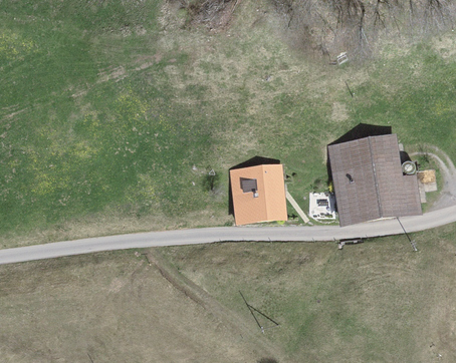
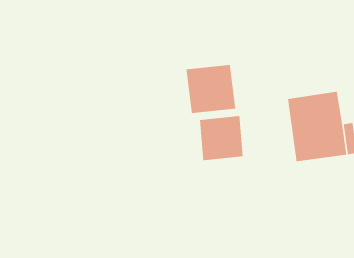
building: none -> [186,64,236,114]

